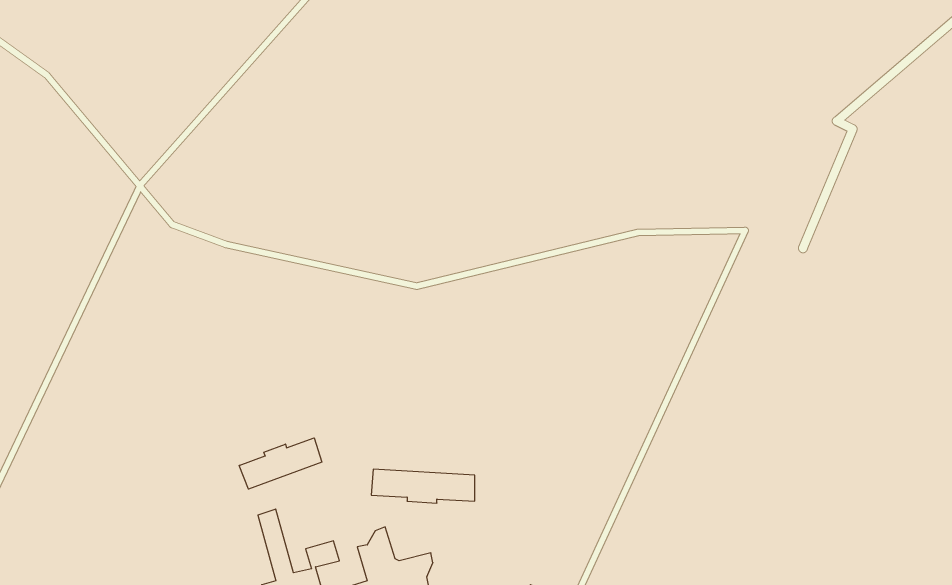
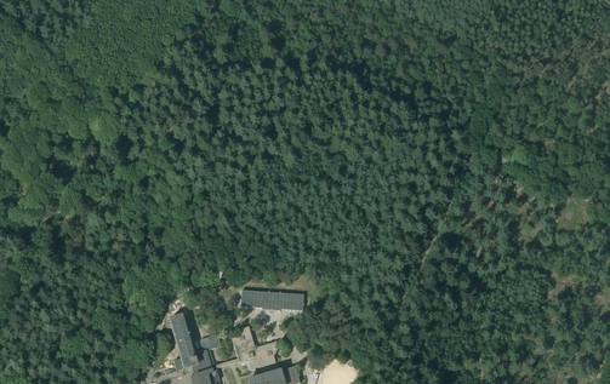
building: [239,438,322,489] -> none

